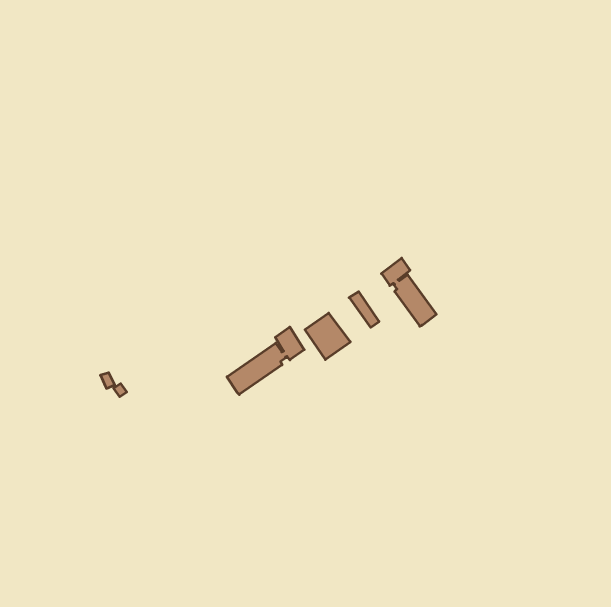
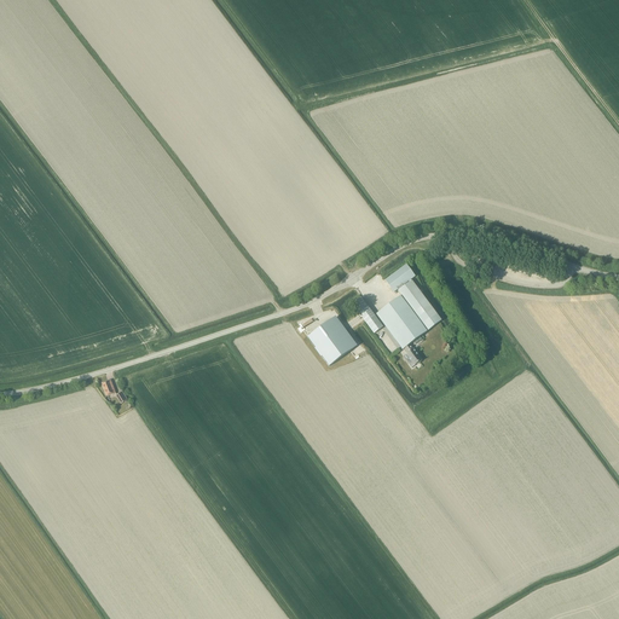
building: none -> [377,295,424,365]
building: [227,327,304,395] -> none

